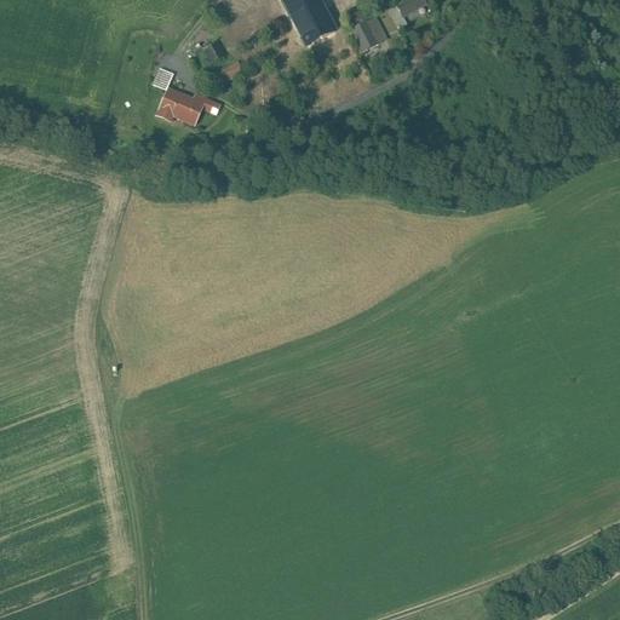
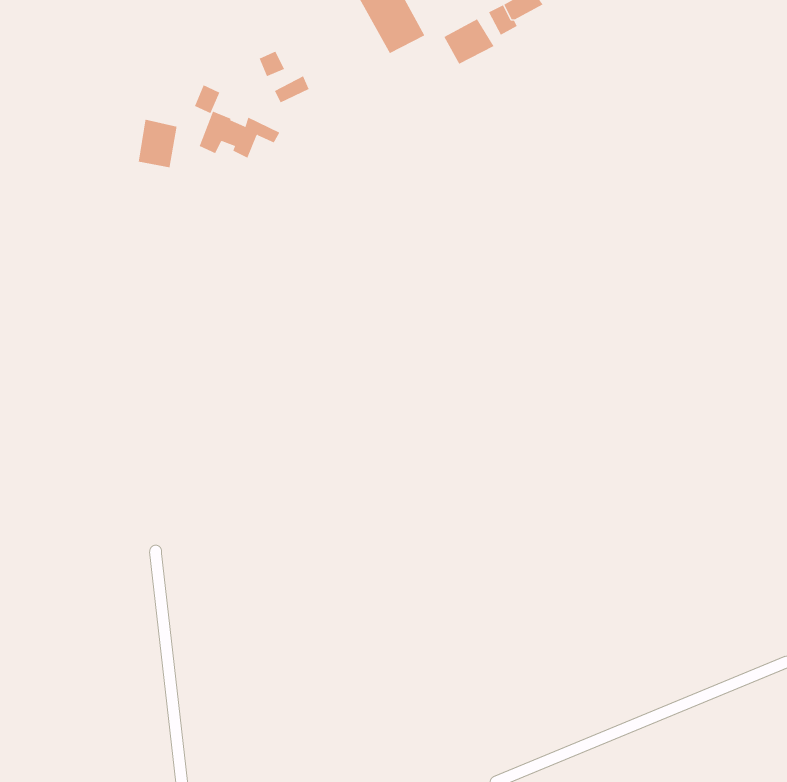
building: none -> [138,119,177,168]

